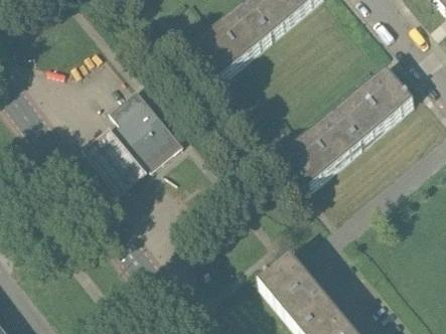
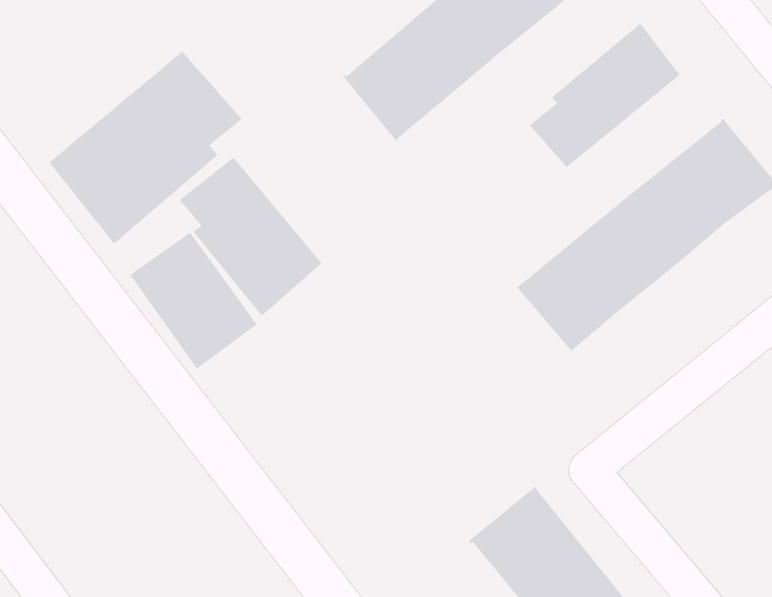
building: none -> [529,23,680,168]
building: none -> [48,51,243,244]

